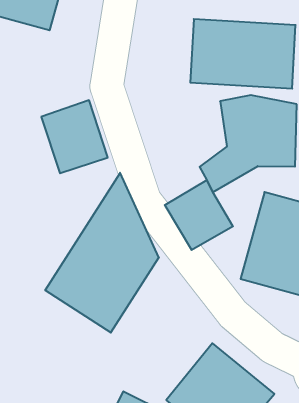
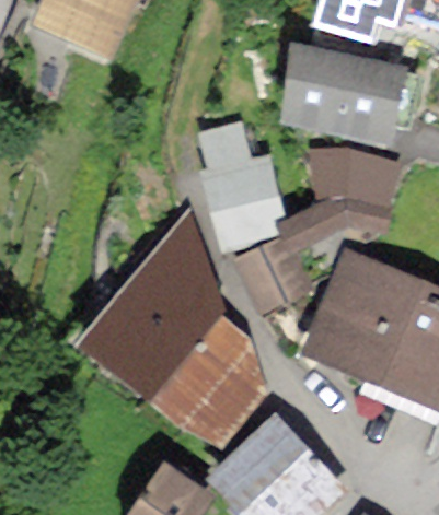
building: [41,100,108,173] -> [198,142,269,222]
building: none -> [158,317,261,440]

